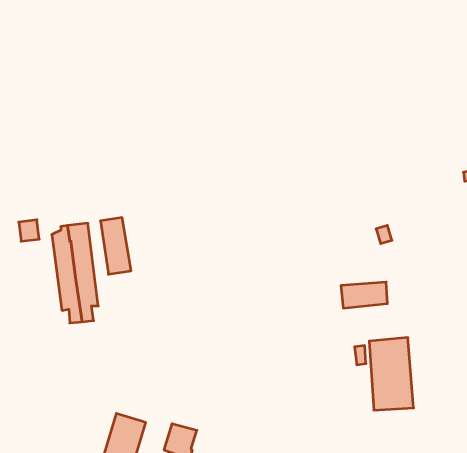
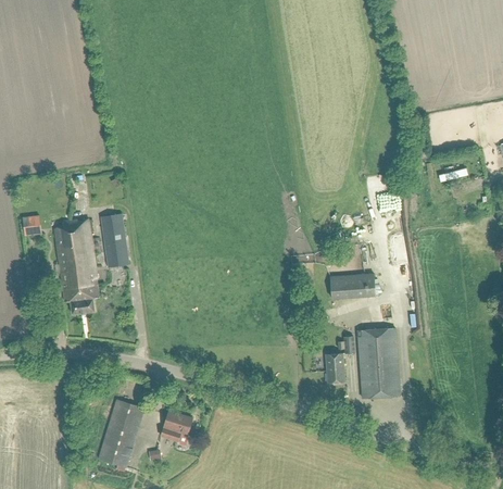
building: none -> [325,353,344,384]

